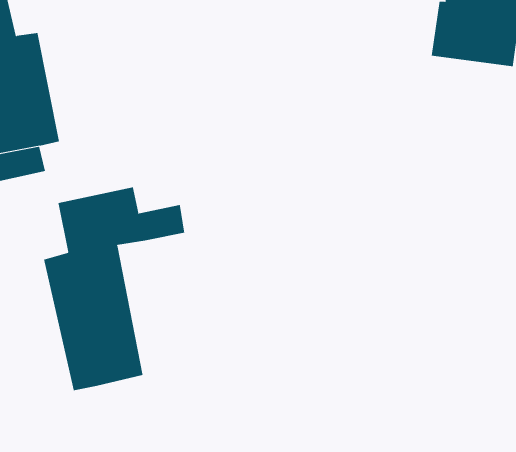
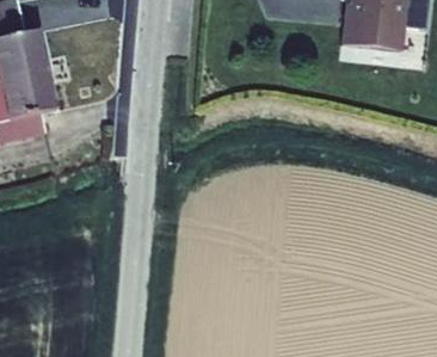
building: [43,186,185,391] -> none

